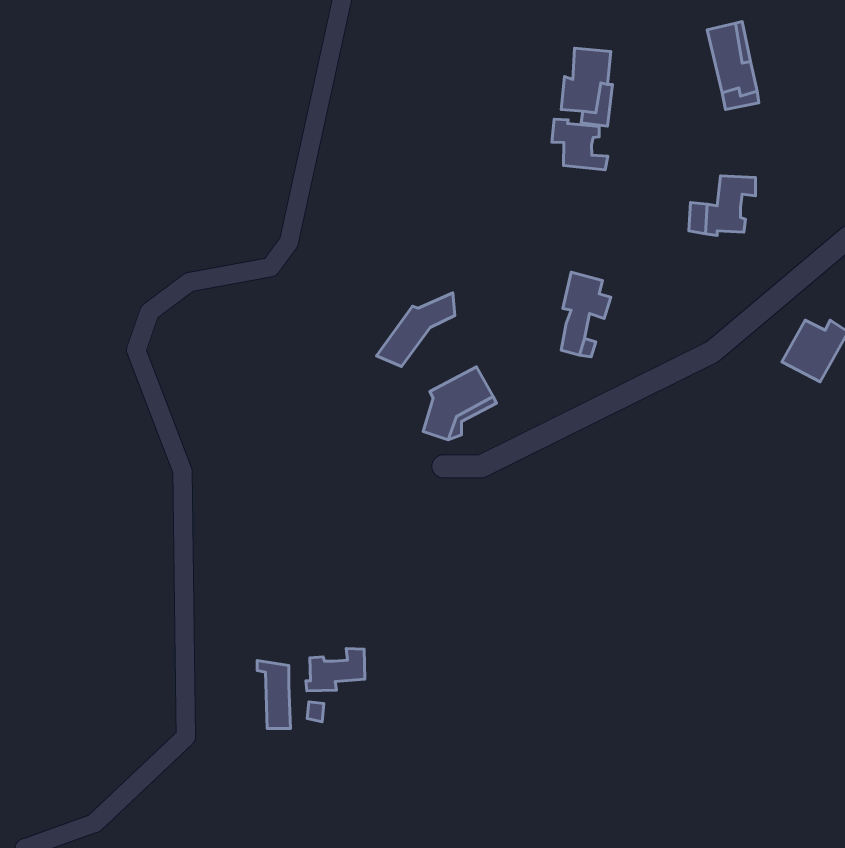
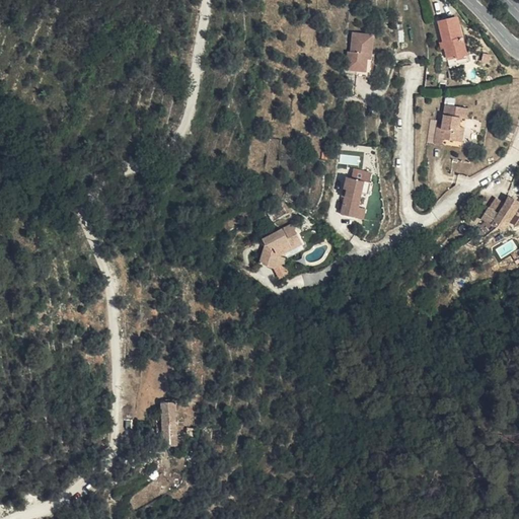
building: [552,119,608,170] -> none
building: [377,293,455,367] -> none
building: [306,649,365,691] -> none

